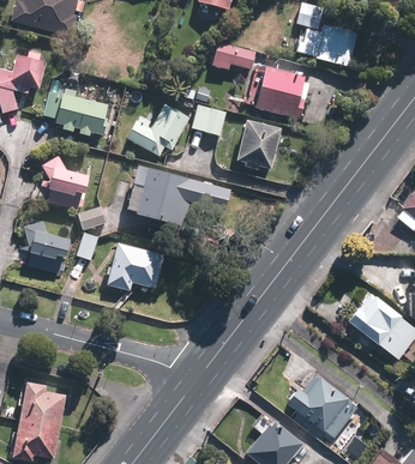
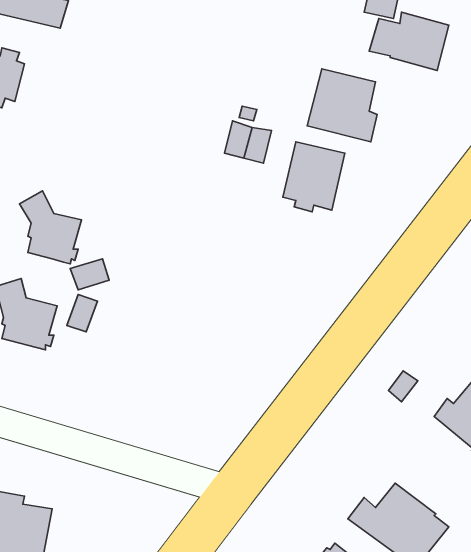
building: [212,42,254,70] -> none
building: [43,90,107,137] -> none
building: [126,104,190,156] -> none
building: [133,167,229,227] -> none
building: [108,248,163,294] -> none

